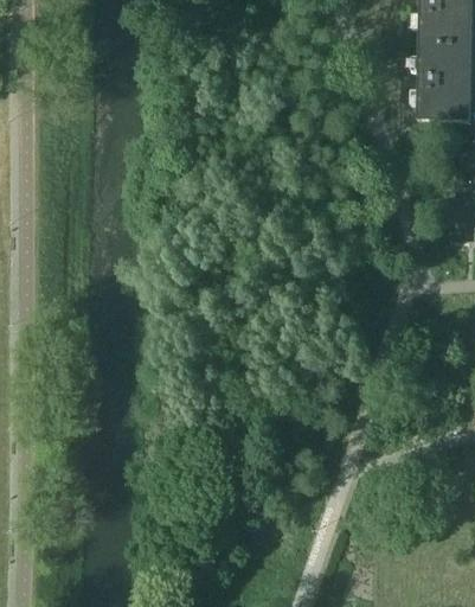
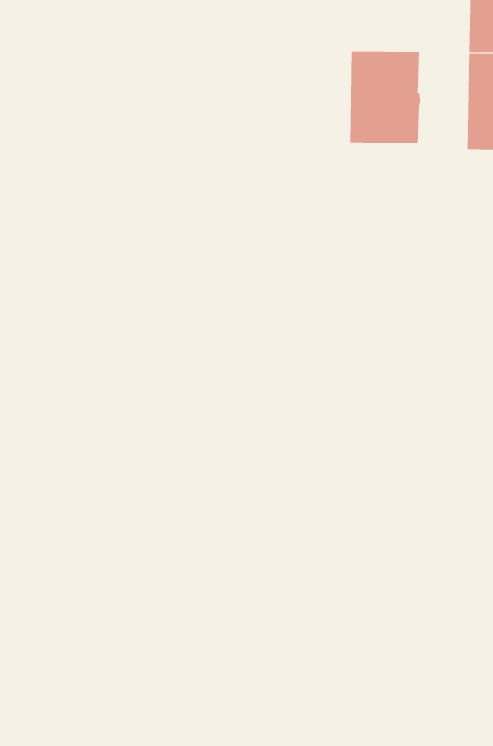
building: none -> [350,51,421,144]

